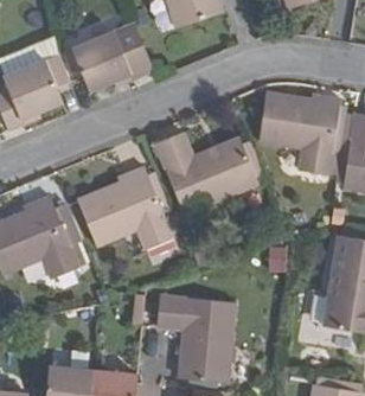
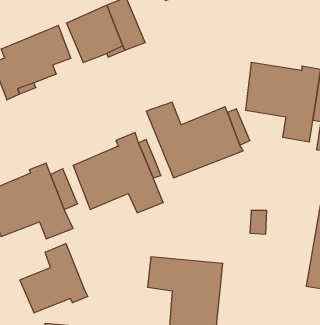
building: none -> [20,243,88,313]

